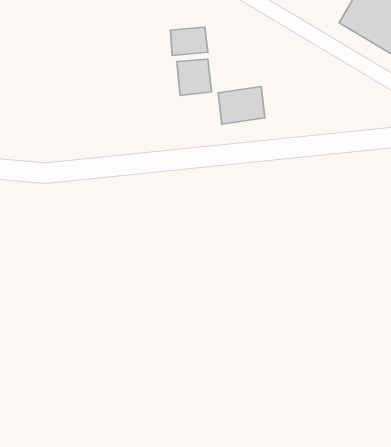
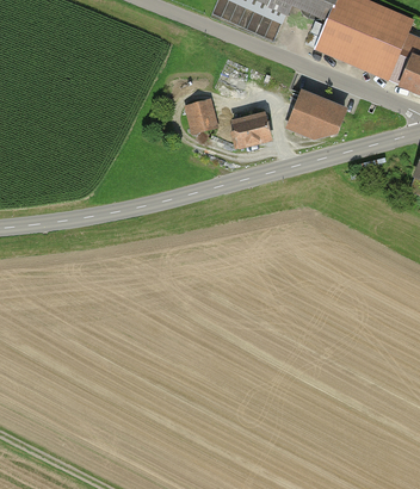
building: [170,27,208,56] -> none
building: none -> [290,85,352,141]

